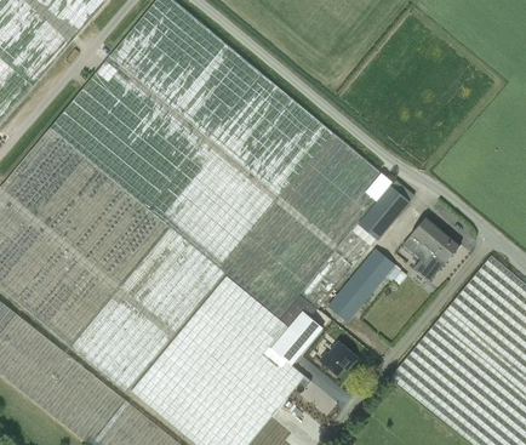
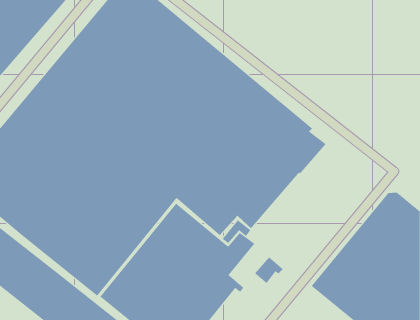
building: [402,216,459,273] -> none
building: [327,247,395,321] -> none

